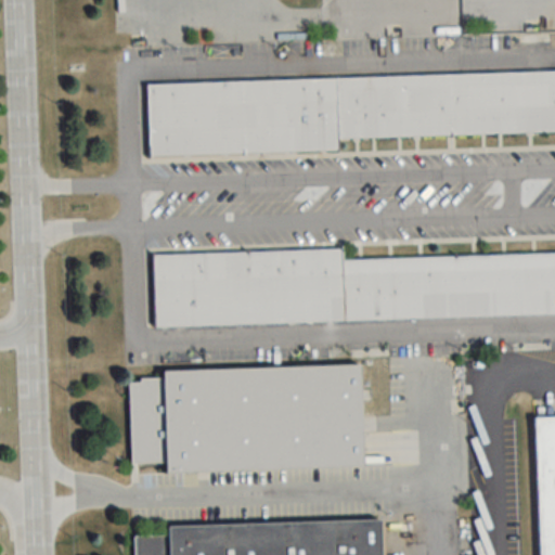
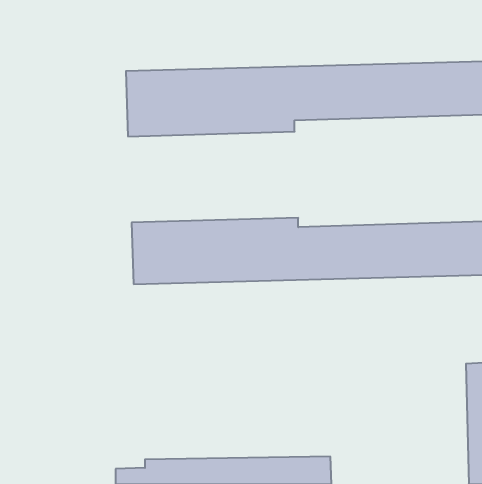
building: [129,366,363,474] -> none

